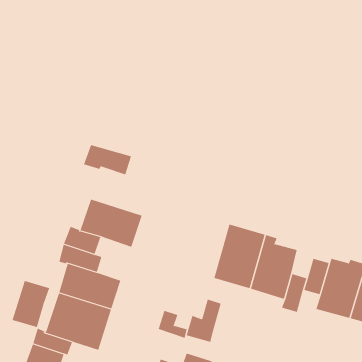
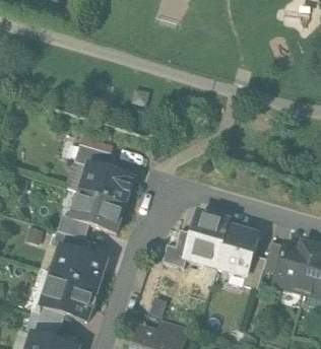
building: none -> [80,163,134,205]
building: [12,280,50,328] -> none
building: [186,299,221,342] -> [163,229,193,267]

